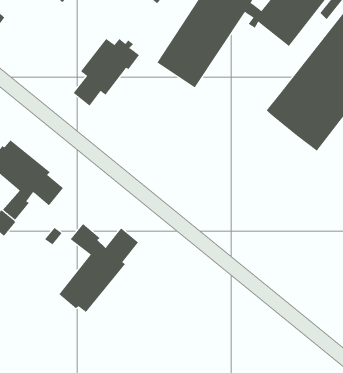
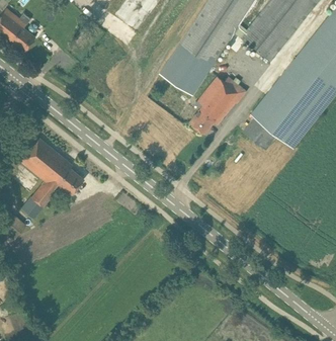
building: [73,38,140,106] -> [190,77,246,134]
building: [58,223,139,313] -> none

